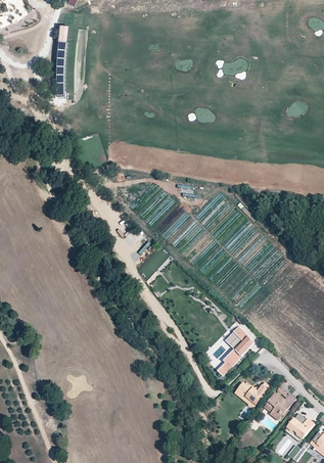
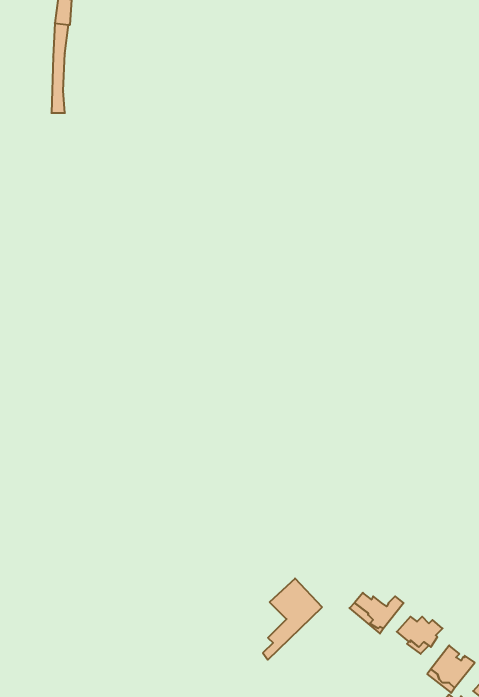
building: [222,323,258,372] -> [263,578,322,660]

